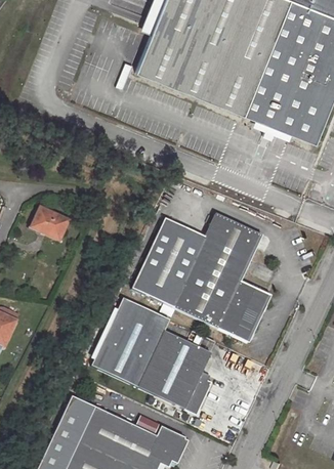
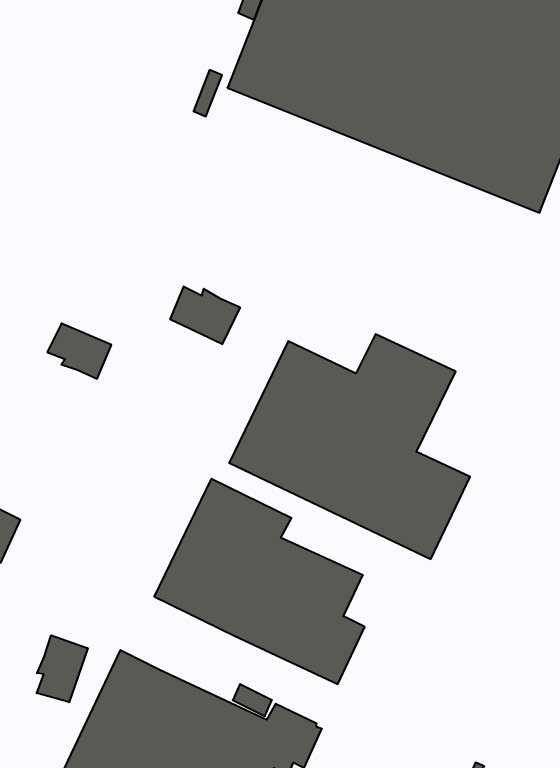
building: none -> [170,286,240,344]
building: none -> [37,635,88,702]

